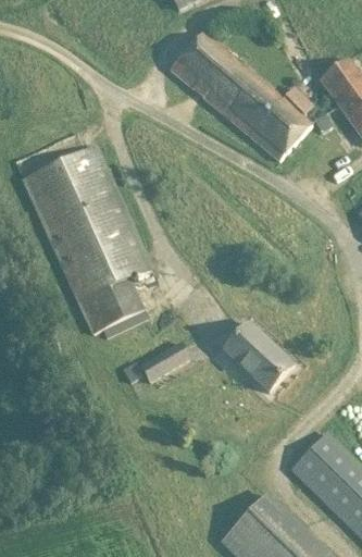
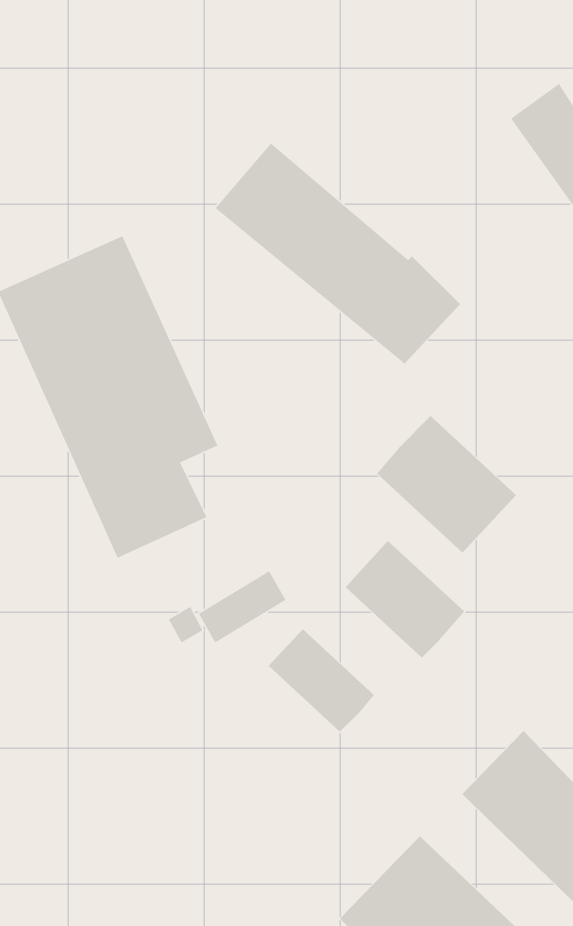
building: [170,32,312,160] -> [214,142,461,365]
building: none -> [376,415,517,554]
building: none -> [268,628,375,733]

